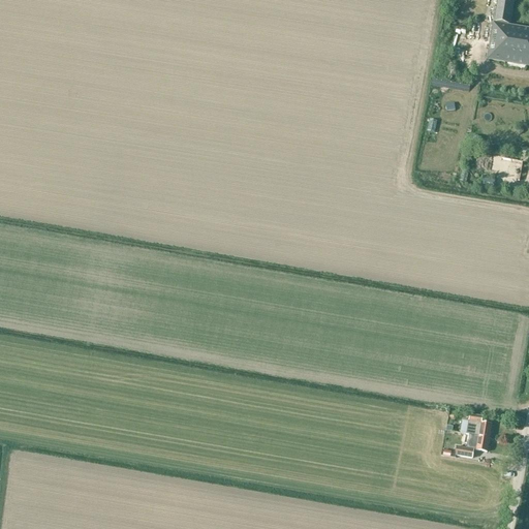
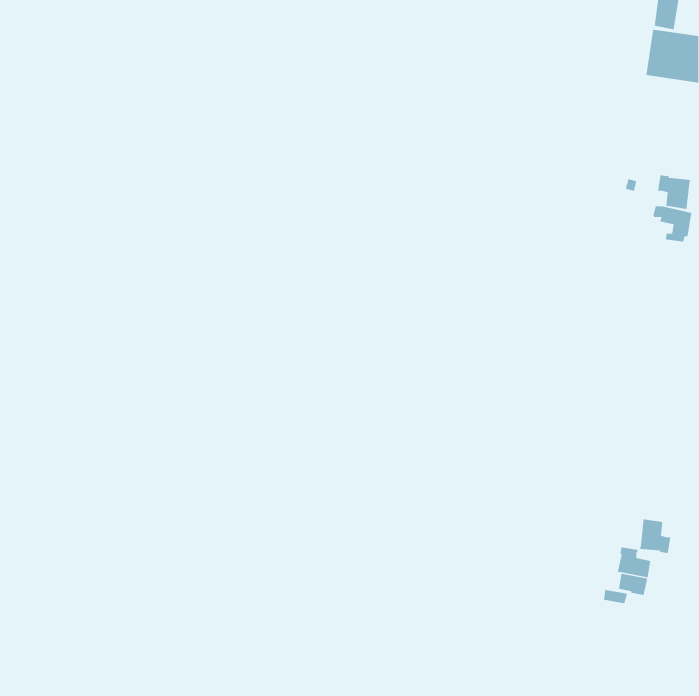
building: none -> [657,174,691,210]
building: none -> [639,518,671,554]

